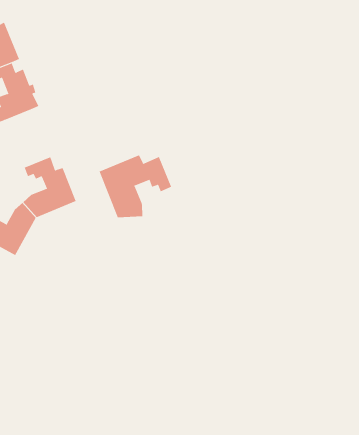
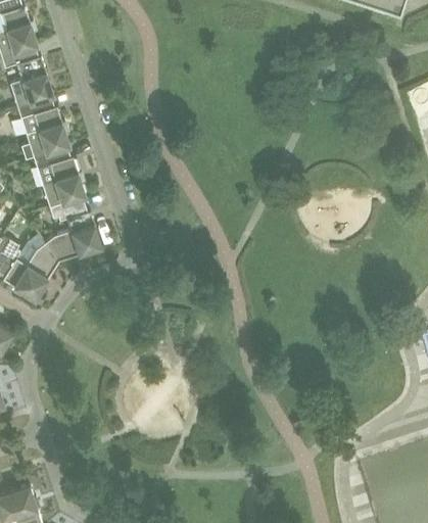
building: none -> [32,147,84,206]
building: [99,155,172,218] -> none

